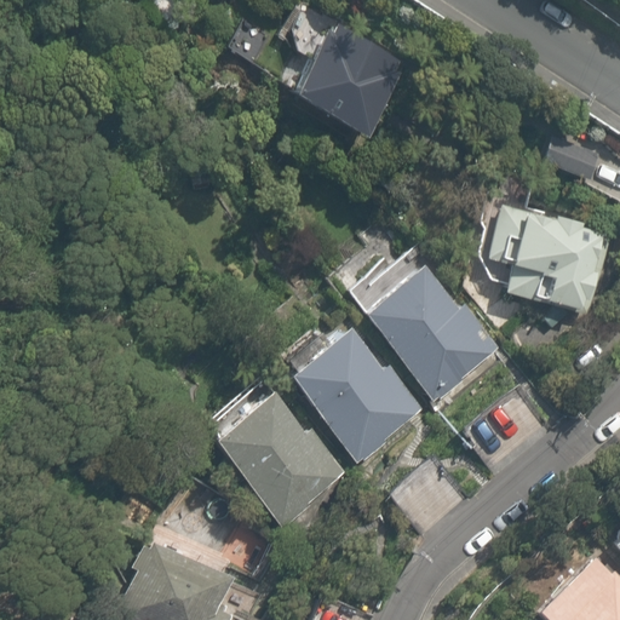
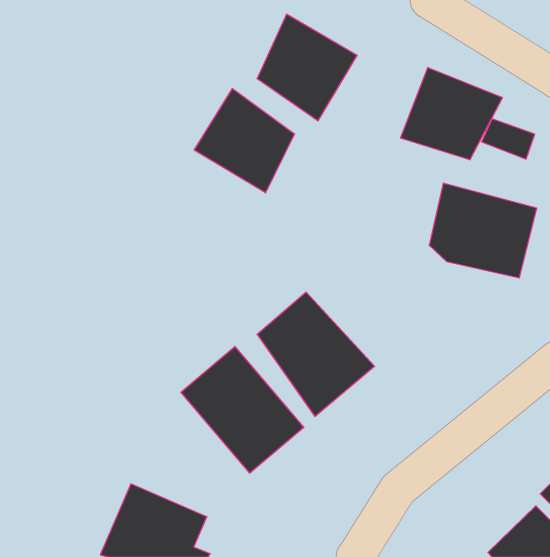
building: none -> [400,67,502,160]
building: none -> [194,89,294,193]
building: [363,262,499,403] -> none

